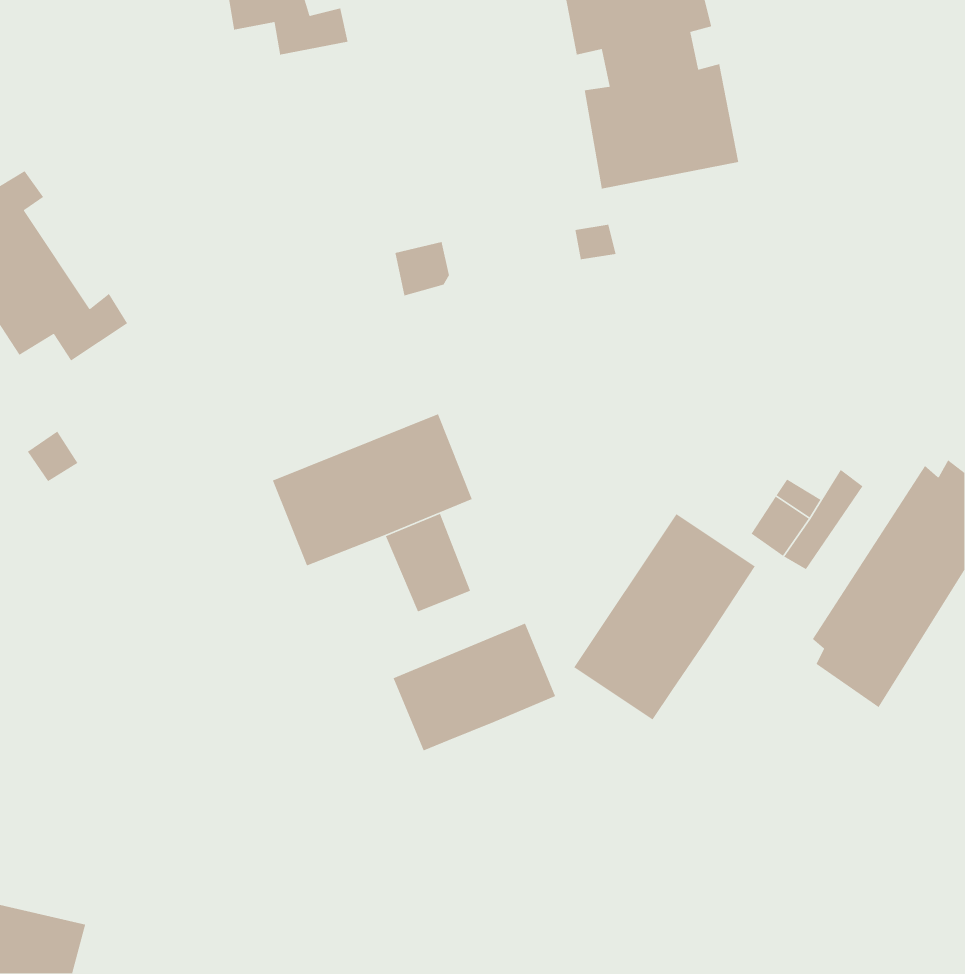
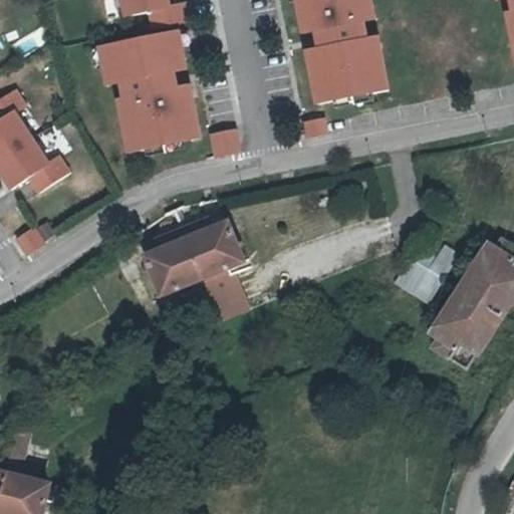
building: none -> [99,30,200,151]
building: [573,513,756,720] -> none
building: [392,623,556,751] -> none

